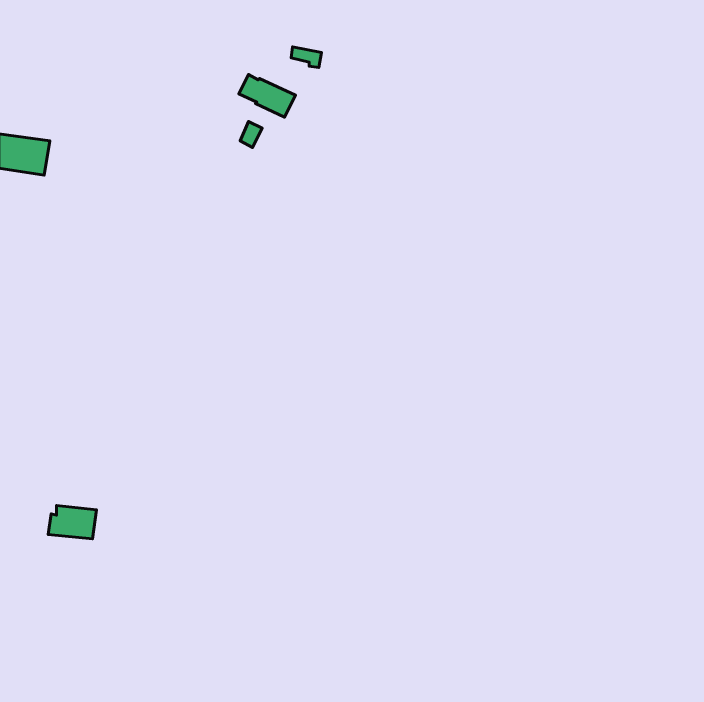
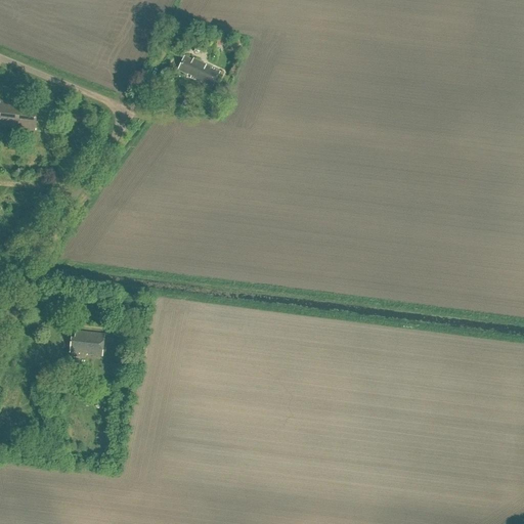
building: [48,506,97,539] -> [68,331,103,355]

